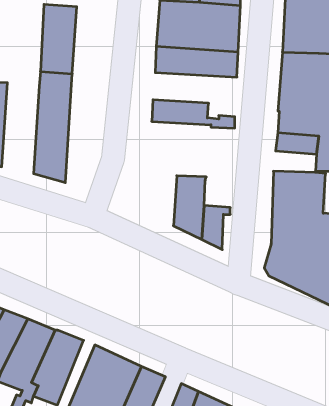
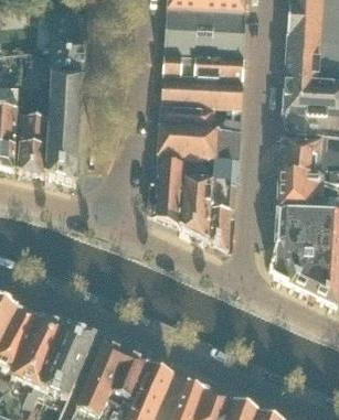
building: none -> [162,75,244,106]
building: none -> [20,87,52,173]
building: none -> [159,122,242,158]
building: none -> [279,151,321,172]
building: none -> [149,160,186,224]
building: none -> [212,180,239,206]

